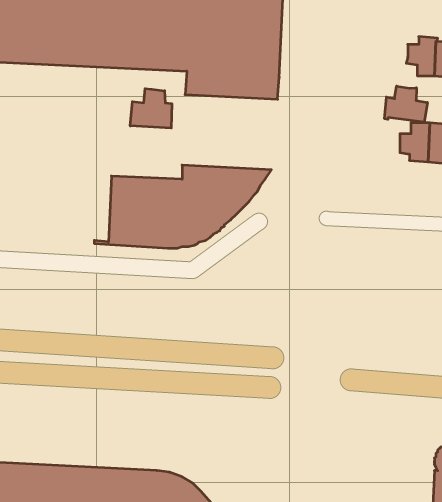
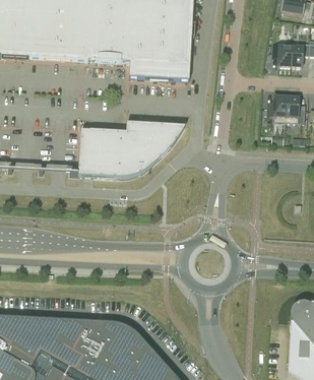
building: [385,86,427,122] -> none
building: [130,89,172,128] -> none

